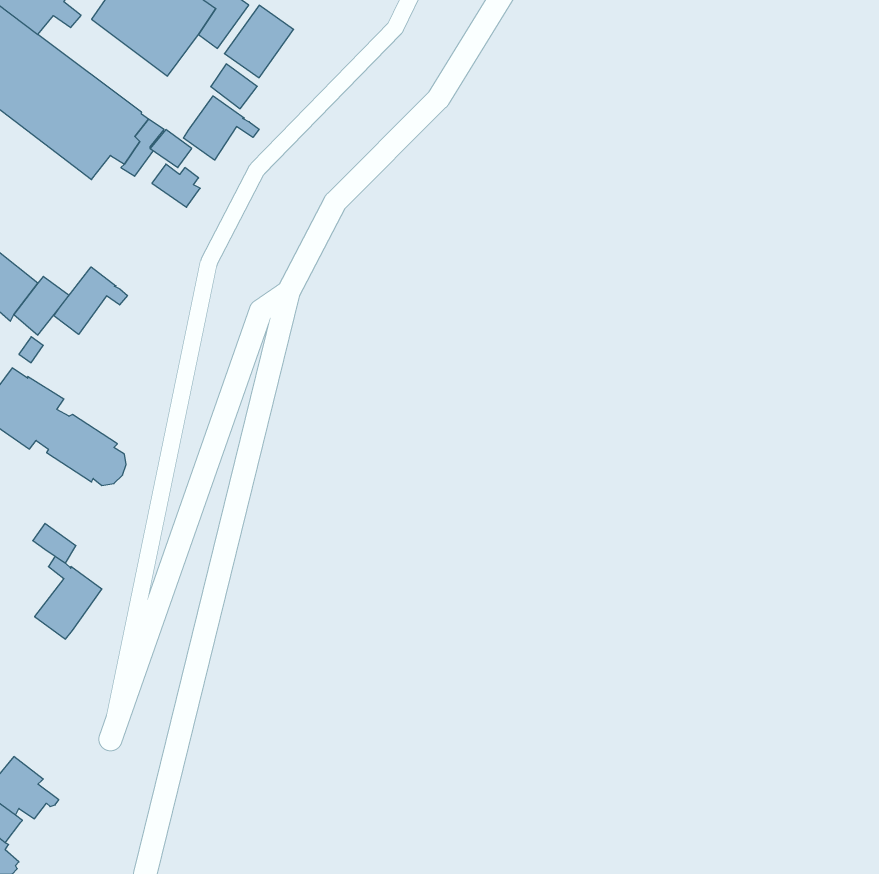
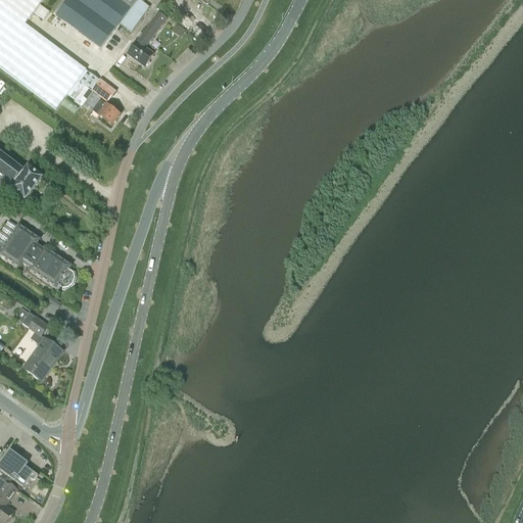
building: [183,96,259,160] -> none
building: [54,267,127,334] -> none

